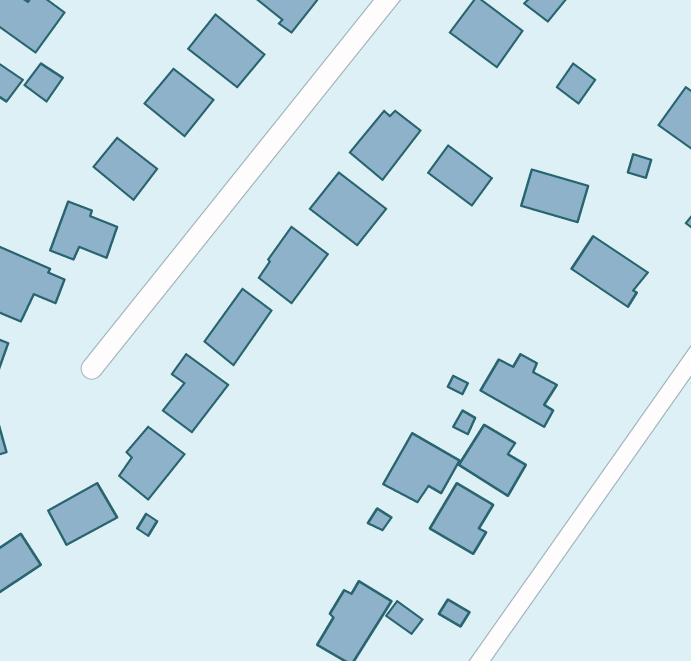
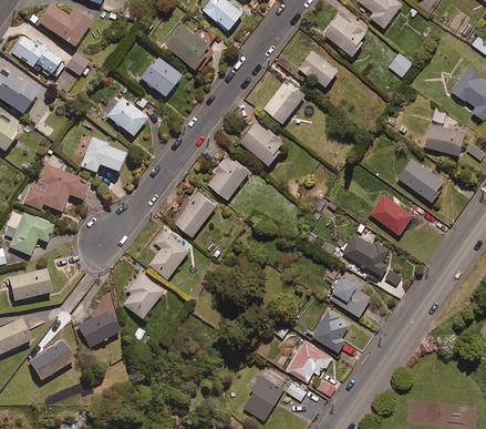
building: [428,145,492,205] -> [298,50,337,86]
building: [521,170,588,222] -> [423,123,464,155]
building: none -> [370,195,412,234]
building: [383,433,459,502] -> [286,340,332,382]

